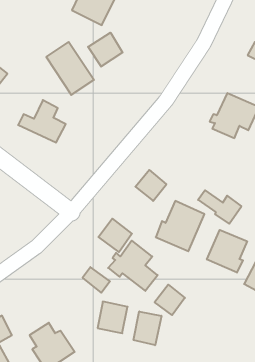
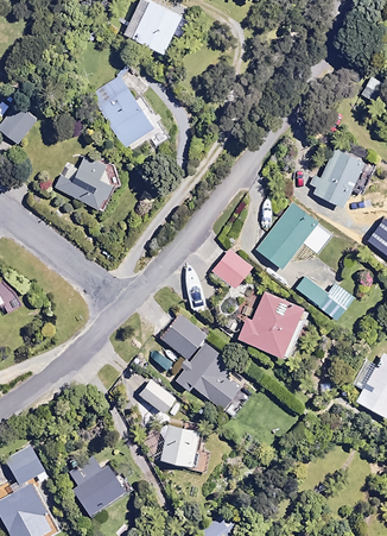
building: [88,33,123,67] -> none
building: none -> [254,201,319,271]
building: [207,230,247,273] -> none
building: [155,285,185,315] -> none
building: [134,311,161,345] -> none

